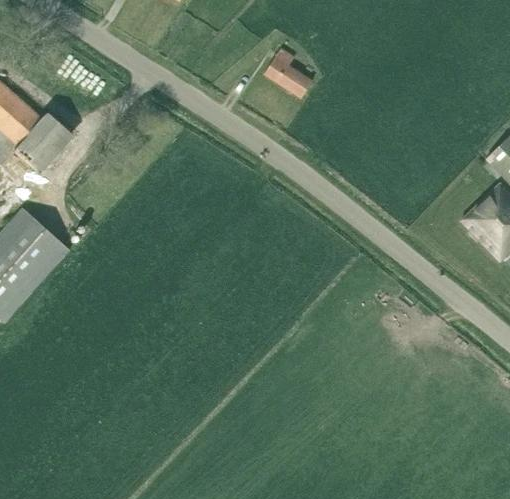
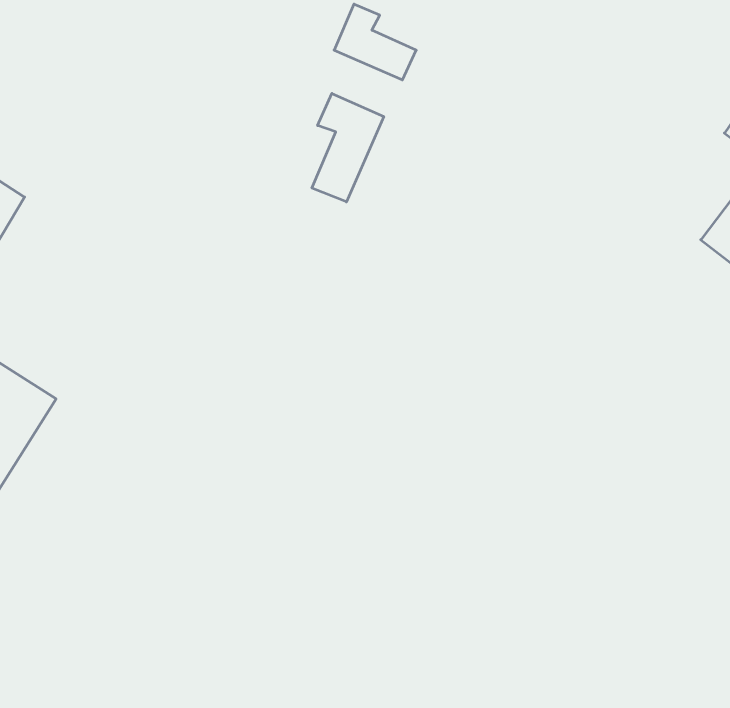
building: none -> [312,93,384,202]

